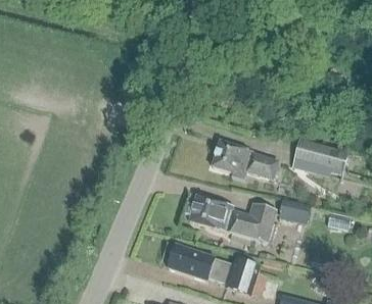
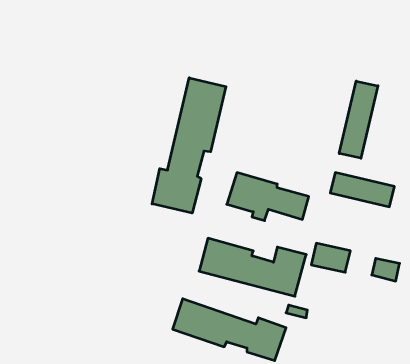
building: none -> [152,78,226,213]
building: none -> [339,81,378,158]

